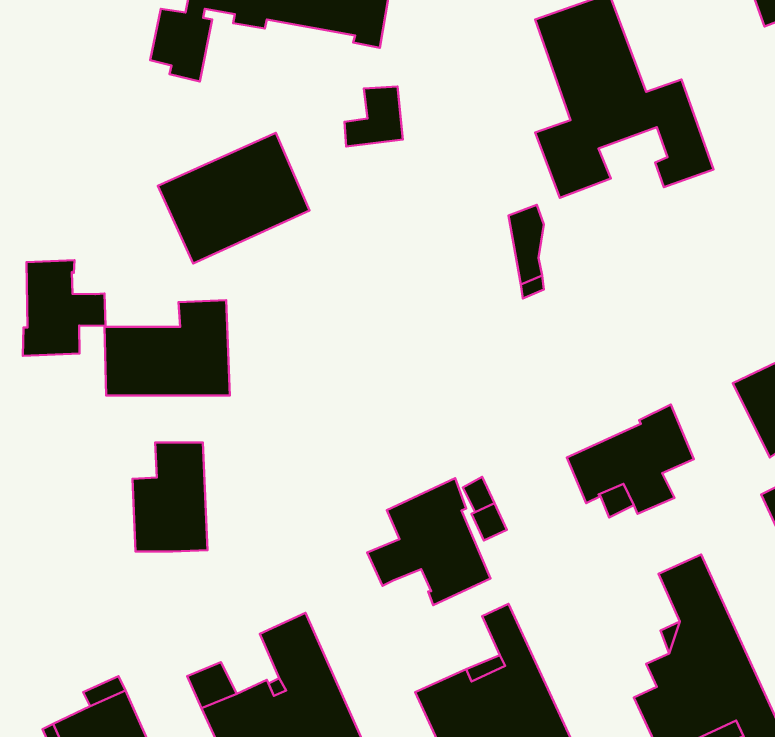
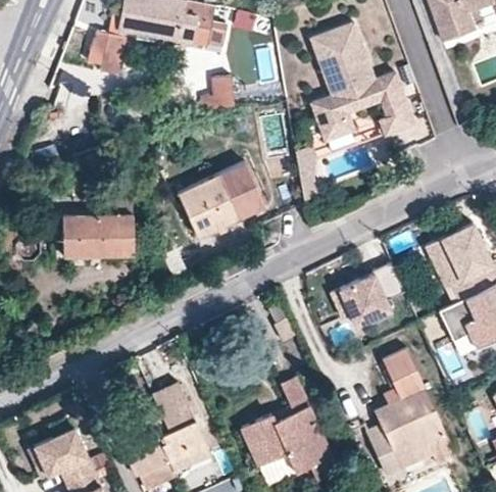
building: [158,133,310,264] -> [178,161,265,237]
building: [23,260,106,356] -> none
building: [133,443,207,552] -> none
building: [367,478,491,605] -> none

